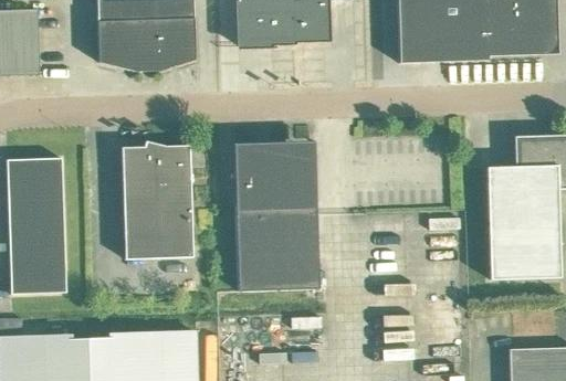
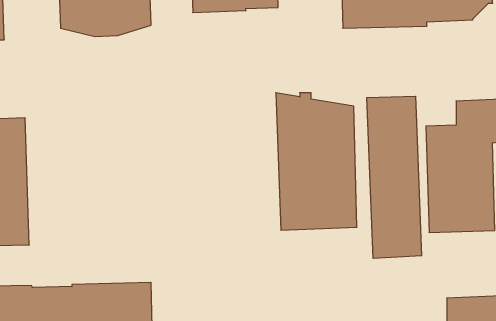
building: none -> [367,96,422,258]
building: [122,140,193,258] -> none
building: [233,145,319,290] -> [276,93,357,230]

